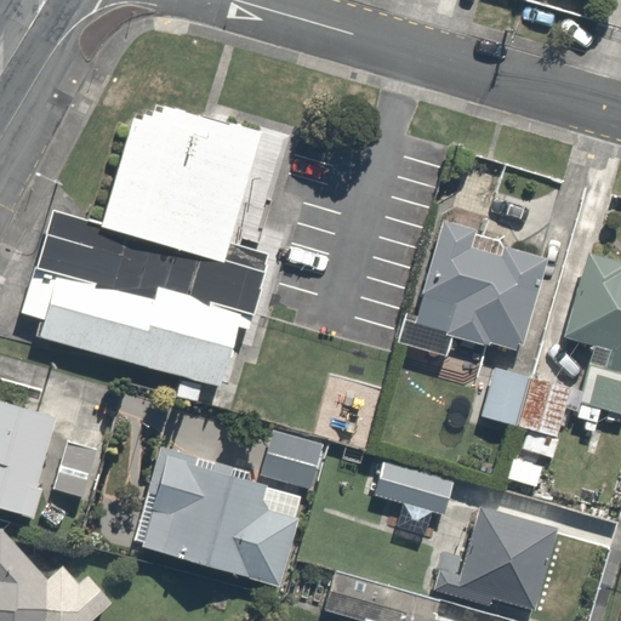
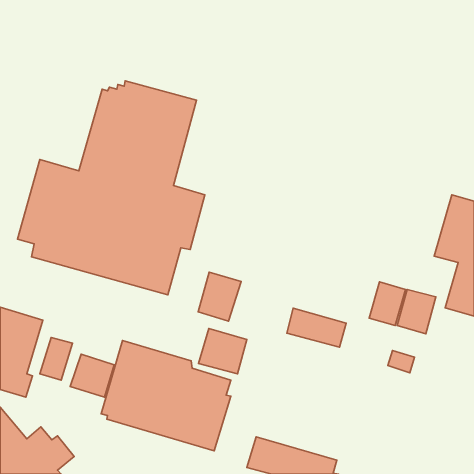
building: [398,222,548,357] -> none
building: none -> [198,272,241,321]
building: [375,462,452,513] -> [287,308,346,347]
building: none -> [70,354,114,397]
building: [432,507,558,610] -> none

